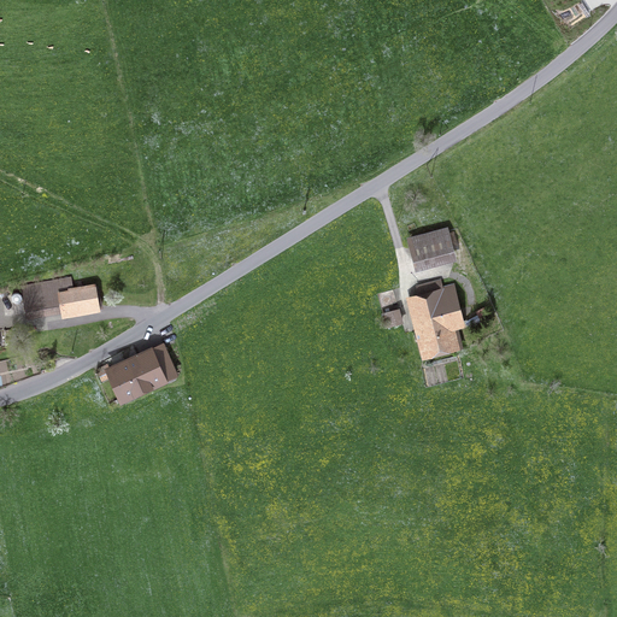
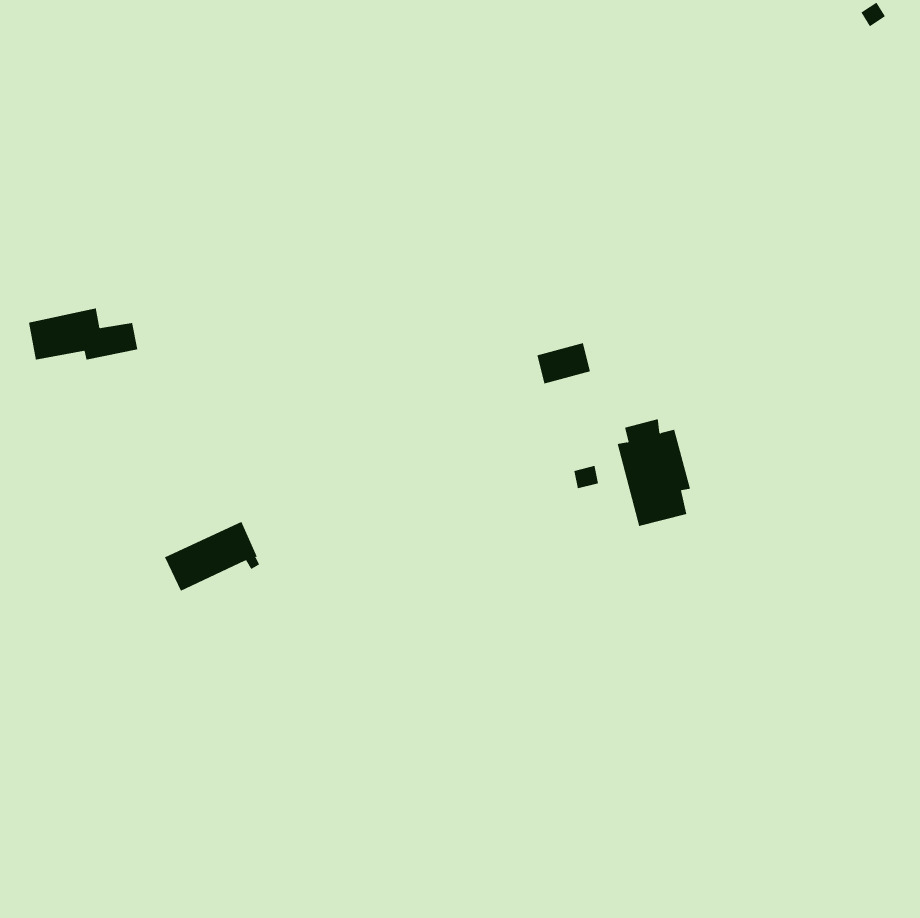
building: [411,236,447,264] -> [537,343,591,384]
building: [23,280,96,315] -> [28,308,138,360]

